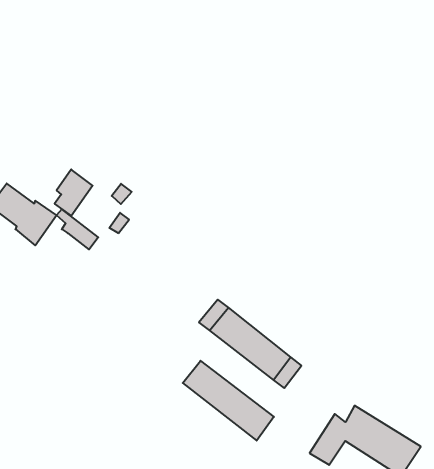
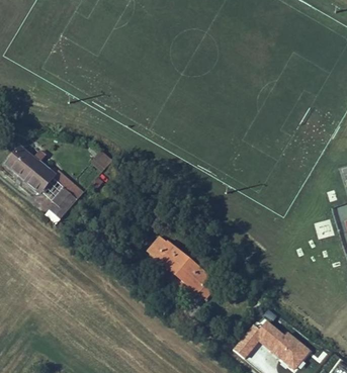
building: [55,169,93,216] -> [52,188,79,220]
building: [183,361,274,441] -> none

